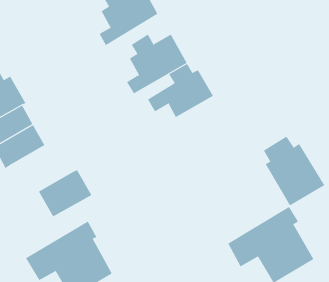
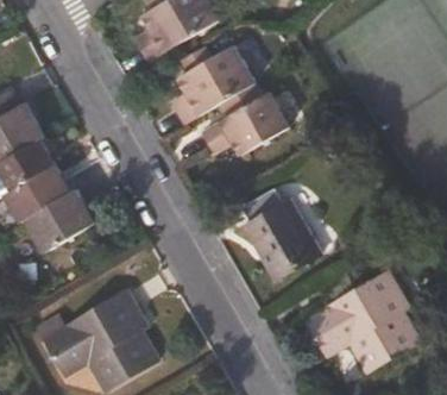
building: [263,136,325,206] -> [243,189,323,281]
building: [38,170,92,217] -> [25,189,95,251]

